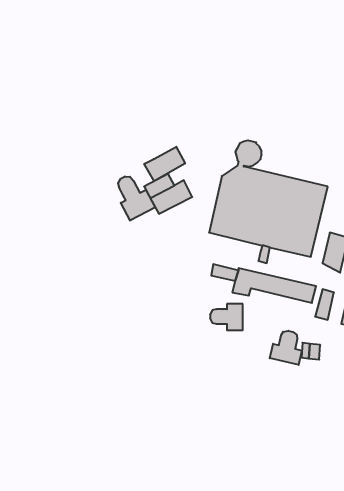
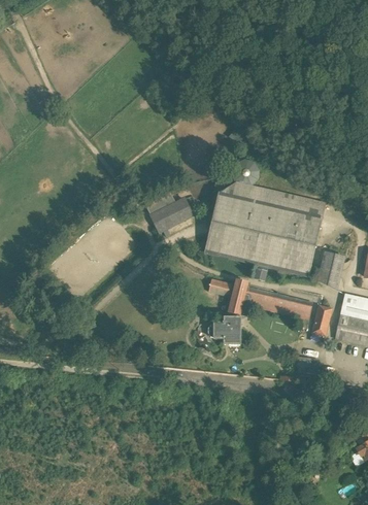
building: [144,147,185,181] -> none
building: [118,176,155,221] -> none
building: [270,331,302,365] -> none

